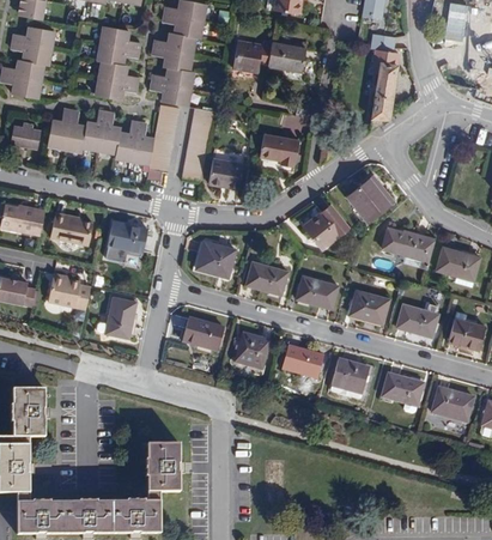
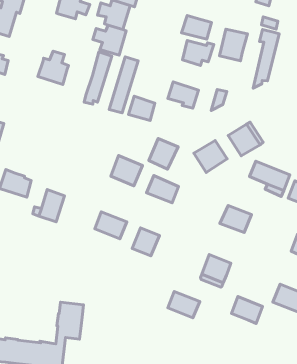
building: [233,41,273,72] -> [182,41,214,65]
building: none -> [219,29,247,61]
building: [96,60,140,98] -> none
building: [48,108,87,152] -> none
building: [116,120,156,164] -> none
building: none -> [149,138,178,169]
building: [50,217,95,249] -> none
building: [105,220,146,261] -> none
building: [296,275,338,309] -> none
building: [396,303,438,336] -> none
building: [281,345,323,377] -> [168,292,200,318]
building: [382,372,423,406] -> [231,296,263,324]

